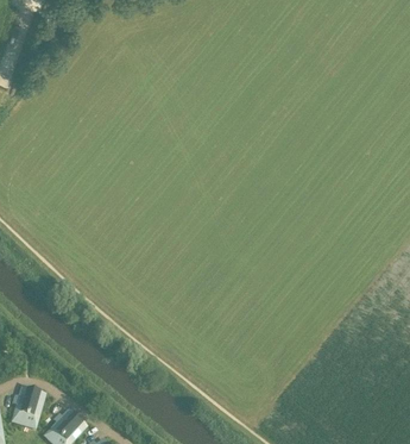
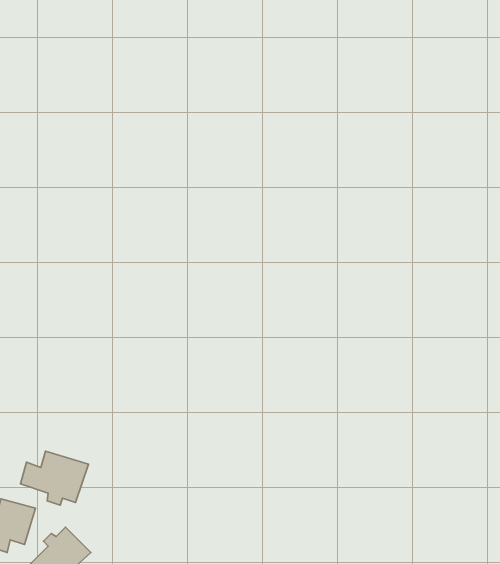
building: none -> [20,451,89,505]

